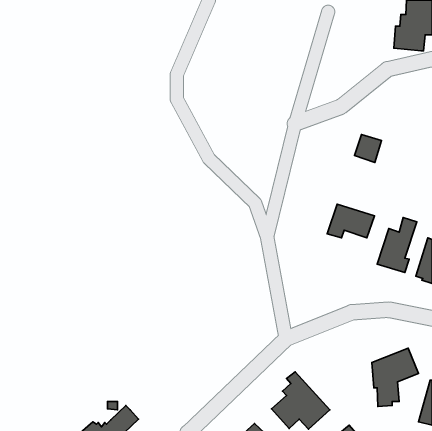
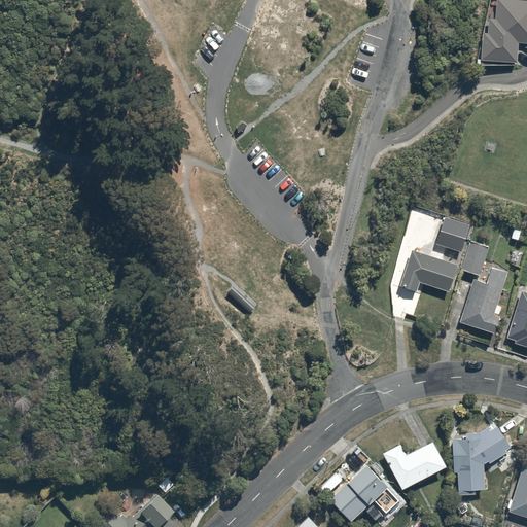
building: [355,134,382,162] -> [435,218,468,252]
building: none -> [461,242,488,276]
building: none -> [382,441,450,492]

